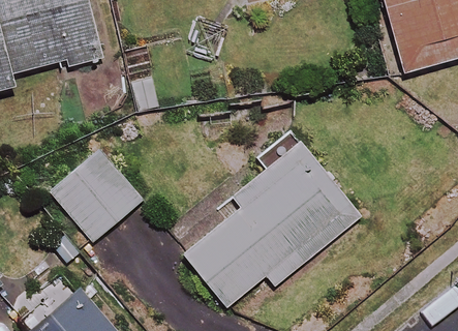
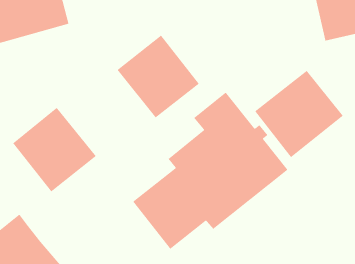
building: none -> [117,34,200,119]
building: none -> [254,70,344,158]

